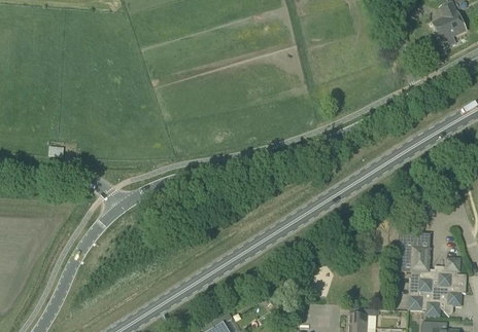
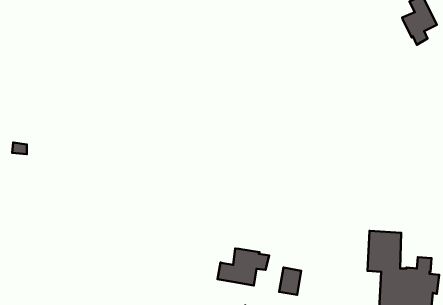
building: none -> [218,249,269,286]

